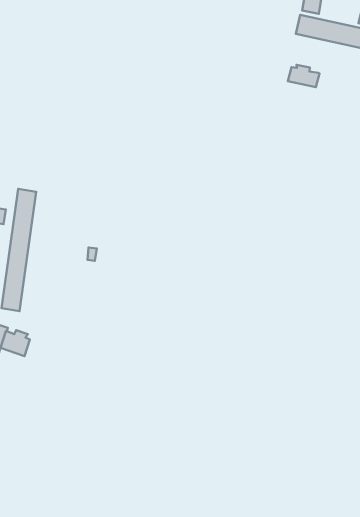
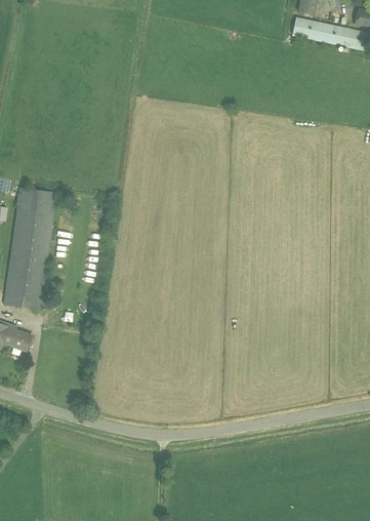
building: [288,65,319,87] -> none
building: none -> [20,190,55,309]

